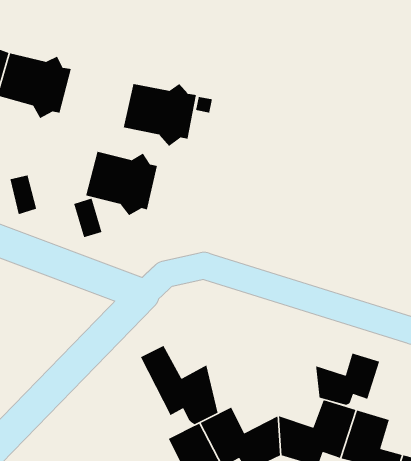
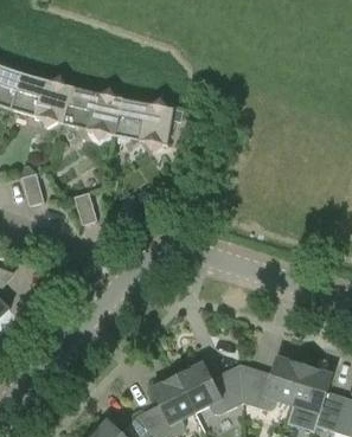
building: [85,151,158,216] -> [63,86,122,140]
building: [140,345,219,425] -> none
building: [315,352,380,406] -> none

